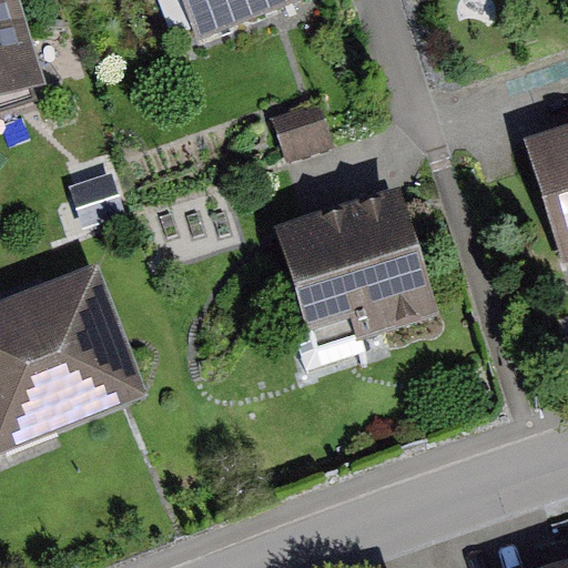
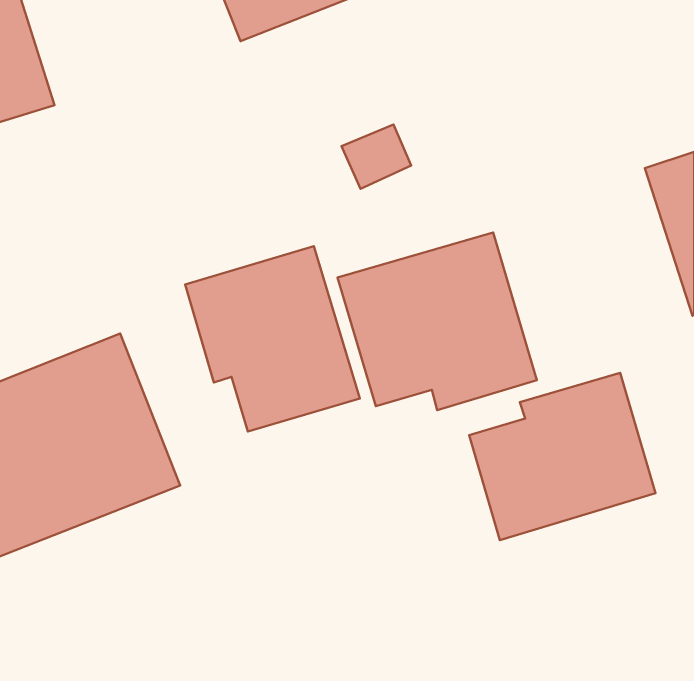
building: none -> [185,246,360,432]
building: none -> [469,373,656,540]

